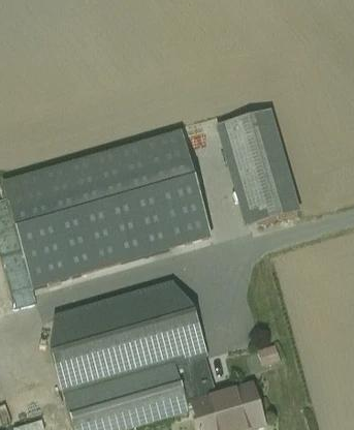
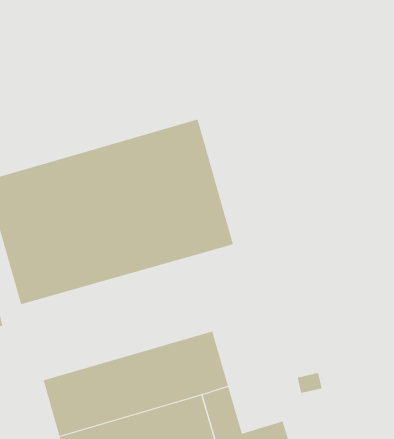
building: [229,110,296,220] -> none
building: [51,281,193,348] -> none

